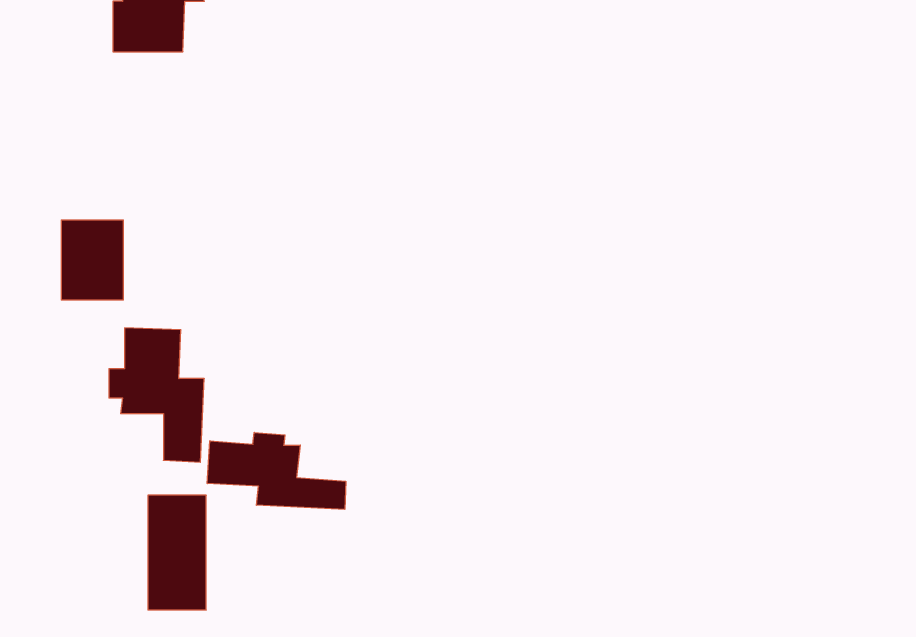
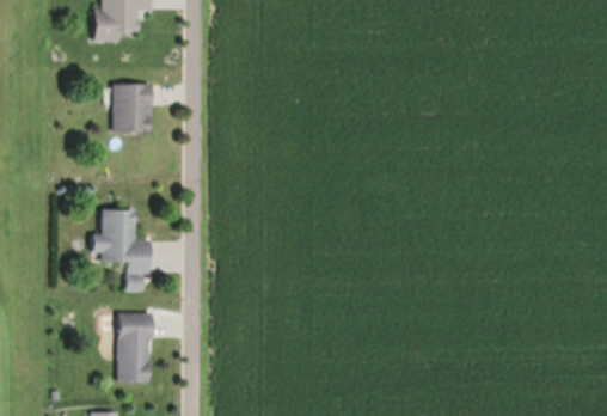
building: [61,220,123,300] -> [112,84,151,133]
building: [207,432,346,509] -> none

